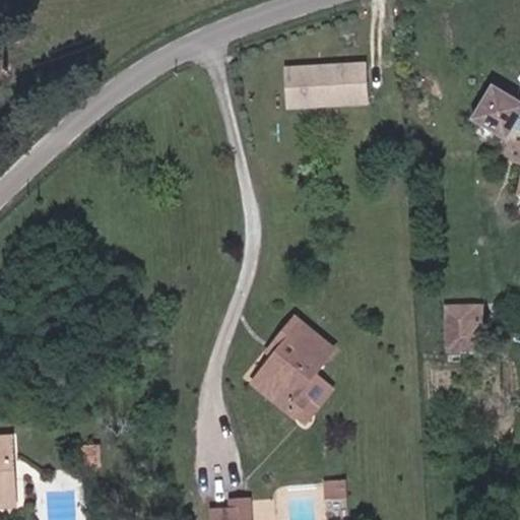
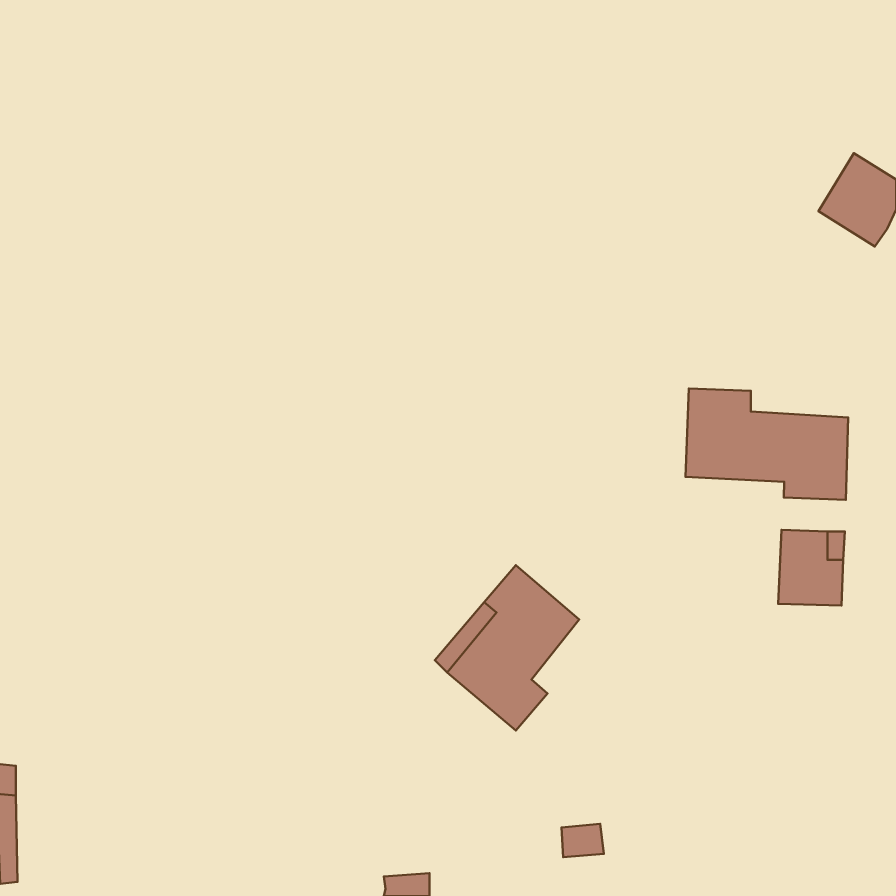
building: [281,55,371,108] -> none
building: none -> [685,389,848,500]

